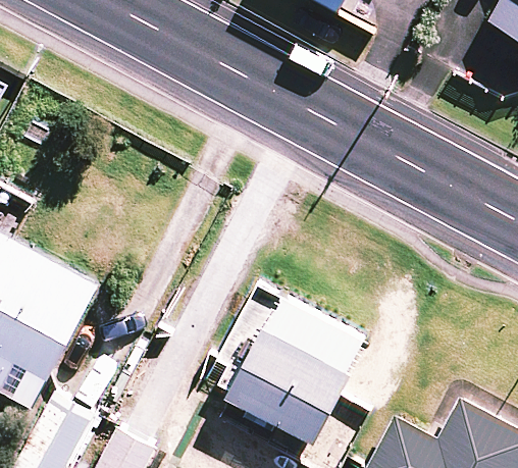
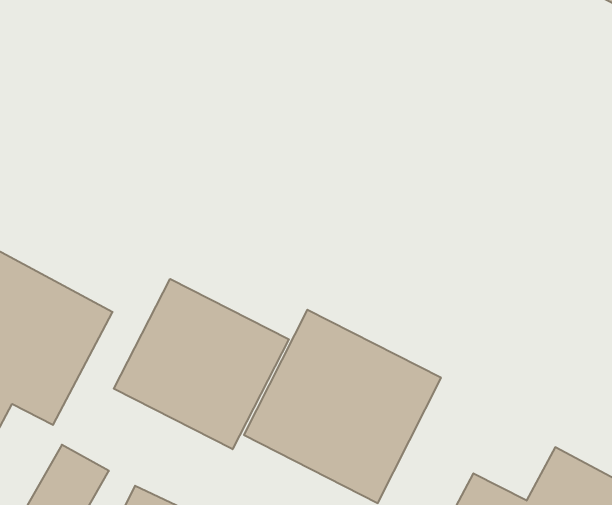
building: none -> [114,279,289,449]

